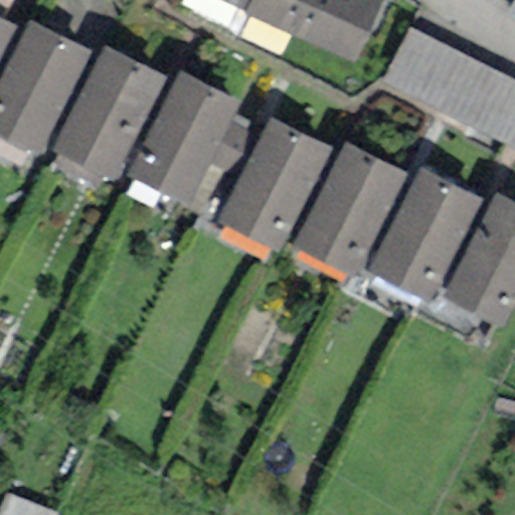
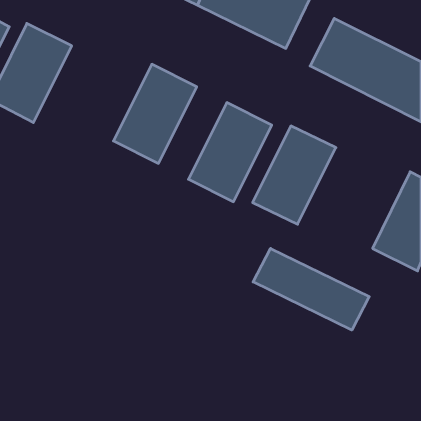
building: [63,53,163,172] -> none
building: [376,177,476,296] -> none
building: none -> [253,248,369,330]

